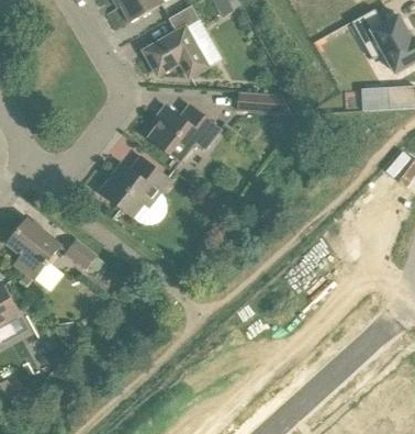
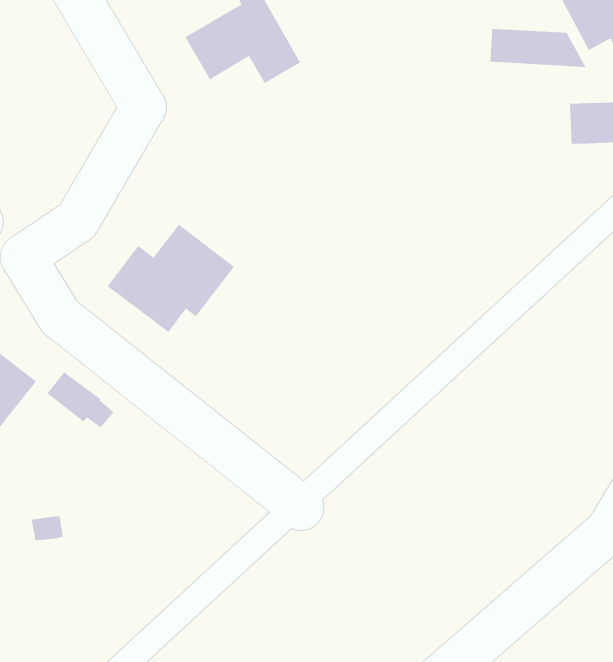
building: [235,92,290,114] -> [489,29,587,68]
building: [147,104,220,162] -> none

